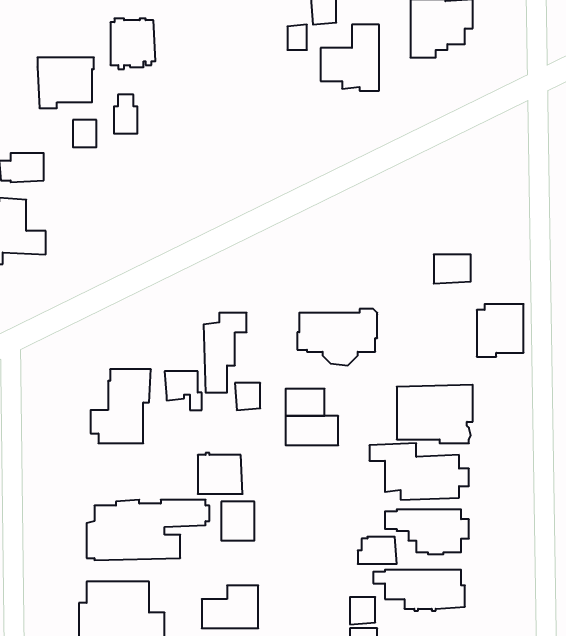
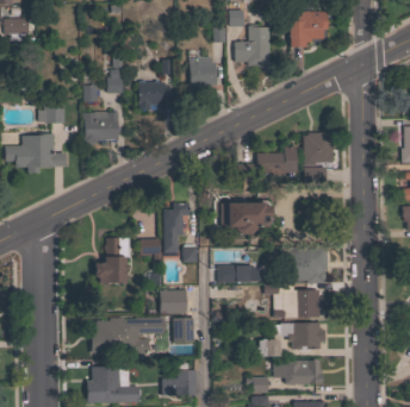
building: [110,18,155,69] -> [138,81,166,112]
building: [37,57,94,108] -> [85,113,119,144]
building: none -> [190,57,217,87]
building: none -> [257,146,297,175]
building: [477,304,524,357] -> [304,133,333,165]

